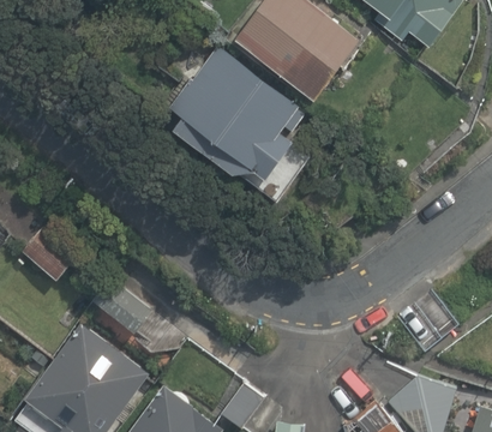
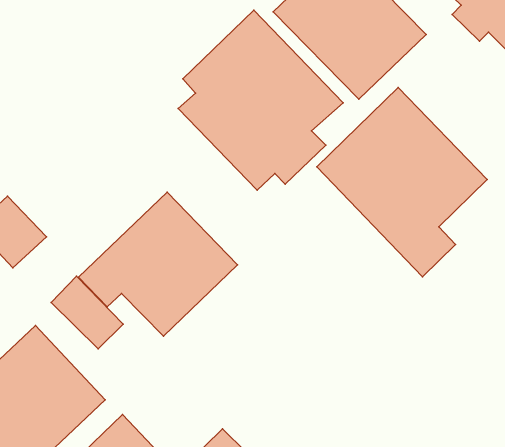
building: none -> [317,88,487,277]
building: none -> [79,192,237,336]

